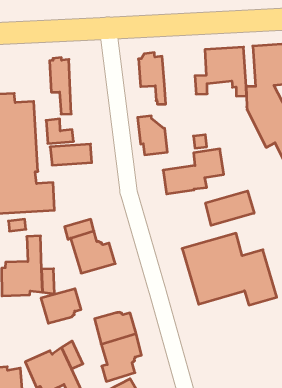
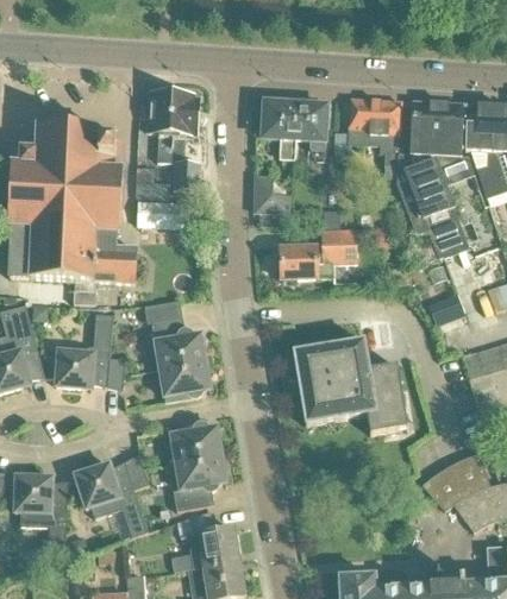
building: none -> [294,96,326,159]
building: none -> [170,89,200,190]
building: [206,191,254,225] -> none
building: [41,289,81,323] -> [159,360,209,401]

